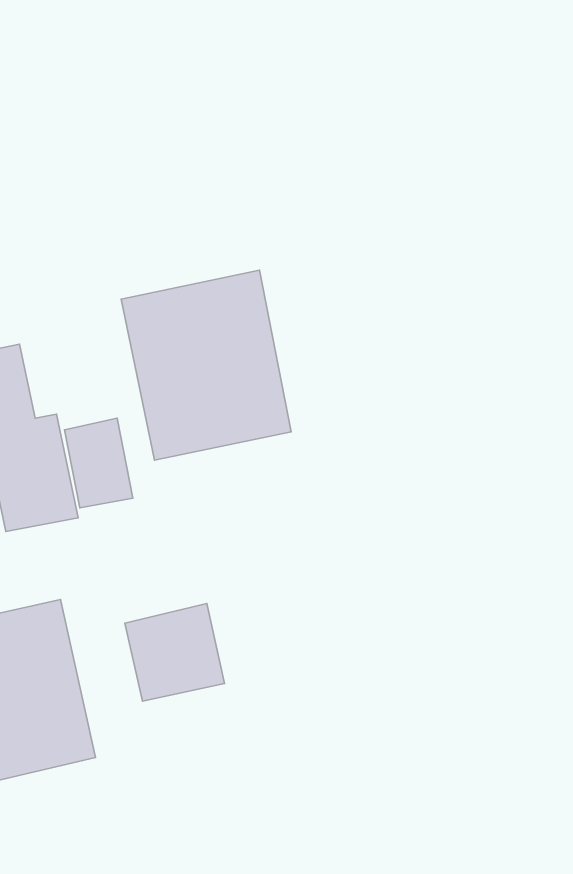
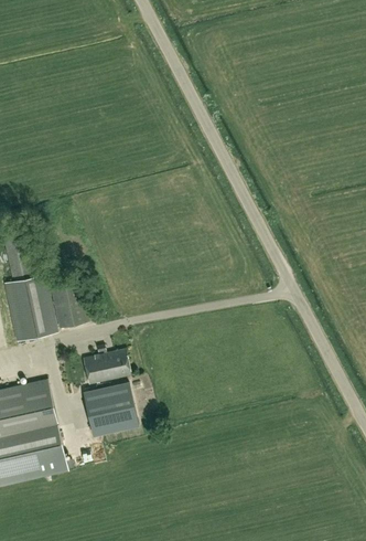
building: [121,270,291,460] -> none
building: none -> [82,346,130,384]

